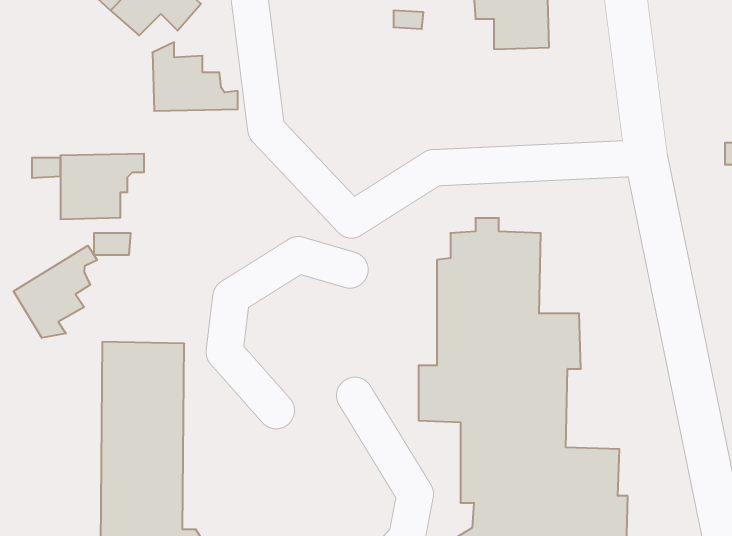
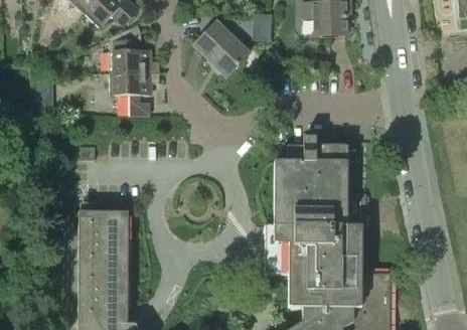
building: none -> [195,22,249,75]
building: [60,154,144,219] -> [110,71,160,111]
building: [14,246,97,338] -> none

